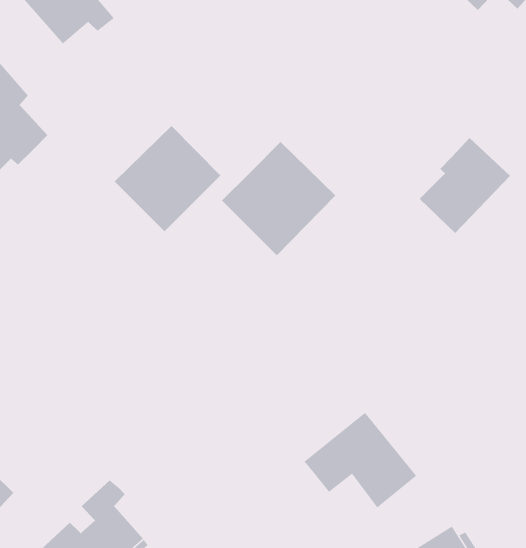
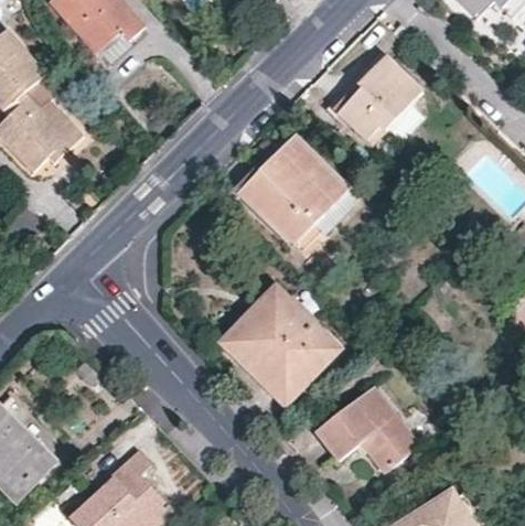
building: [114,125,221,232] -> none
building: [419,137,511,234] -> [335,56,419,144]
building: none -> [224,291,334,400]

